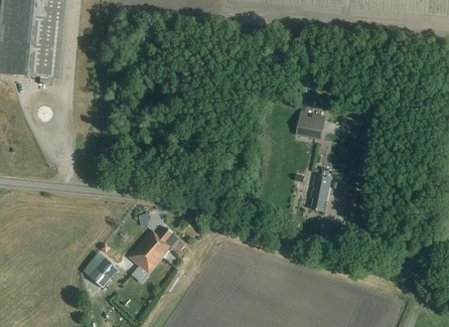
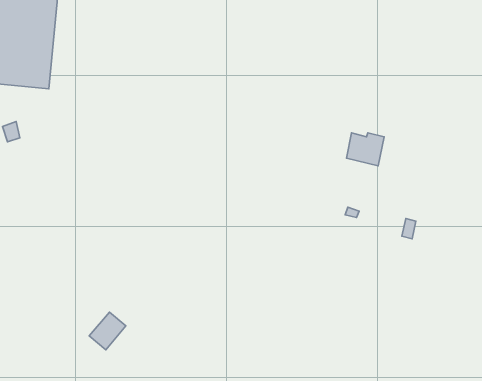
building: [310,172,330,209] -> none
building: [128,225,177,273] -> none

